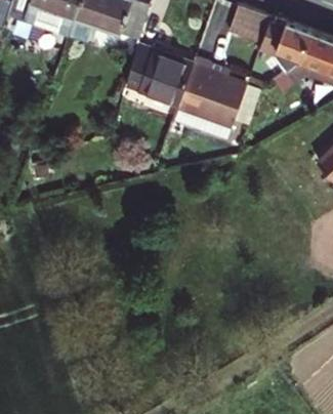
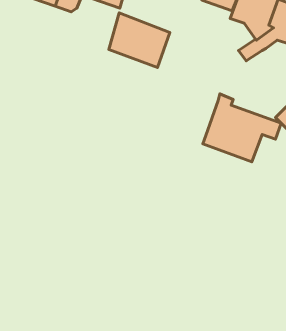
building: [178,60,263,134] -> [203,94,281,162]

